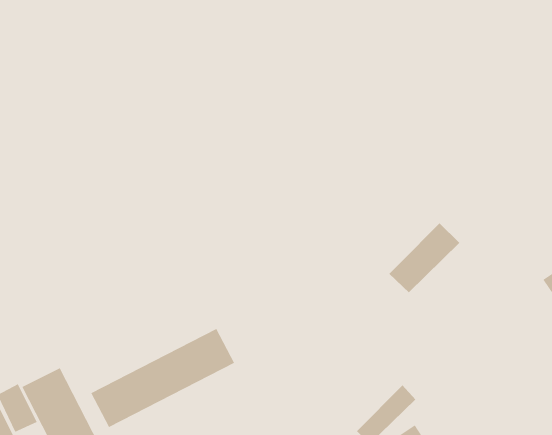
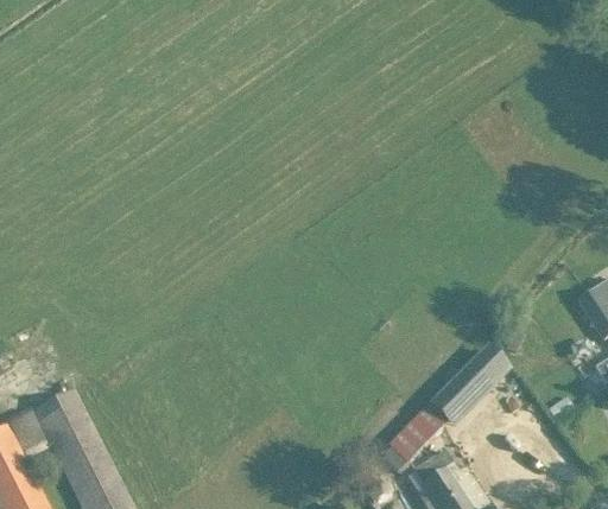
building: [388,223,460,293] -> [433,349,508,422]
building: [90,328,235,428] -> none

